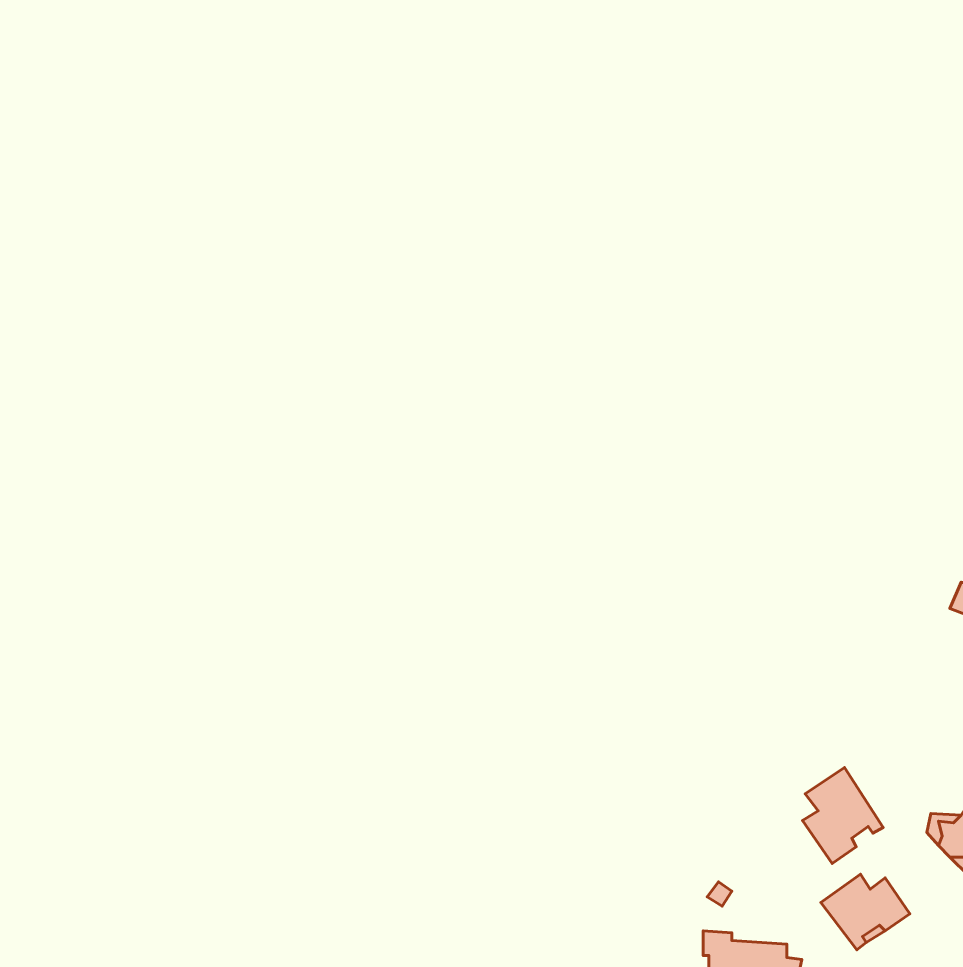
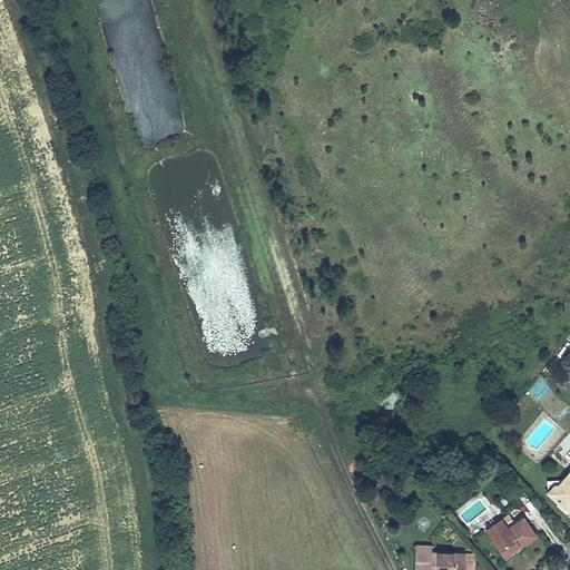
building: [802,767,883,863] -> none

